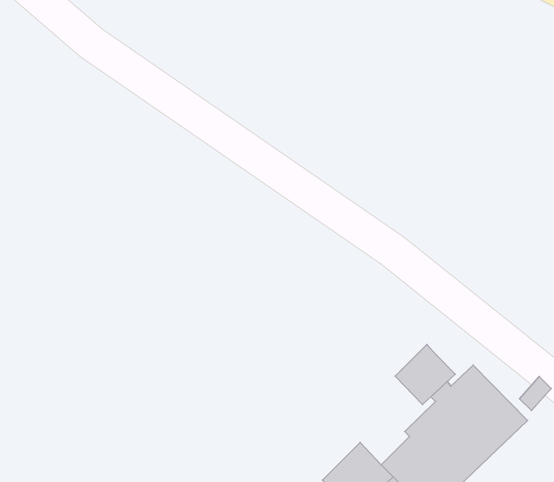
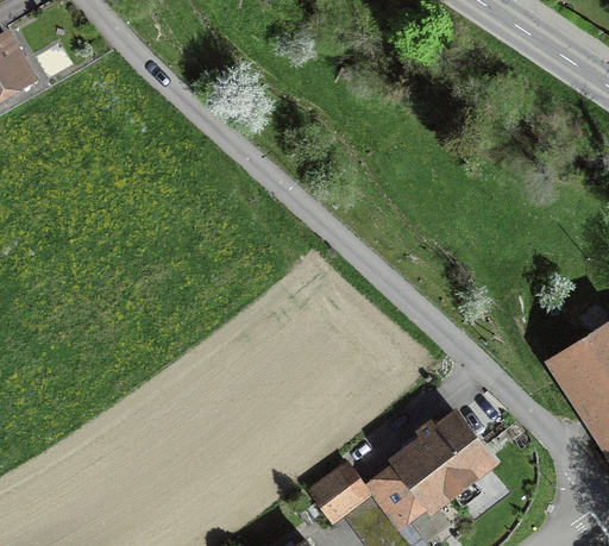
building: [395,344,455,404] -> none

